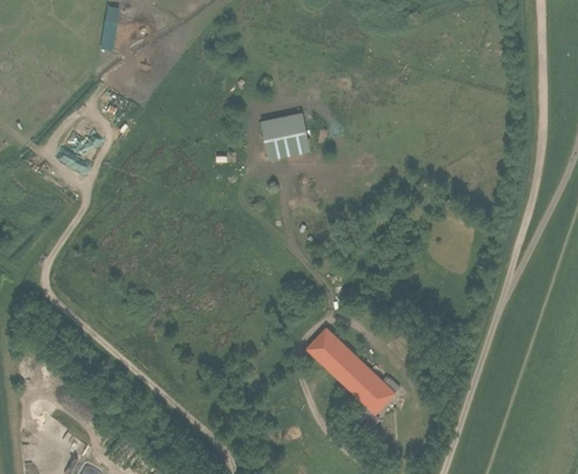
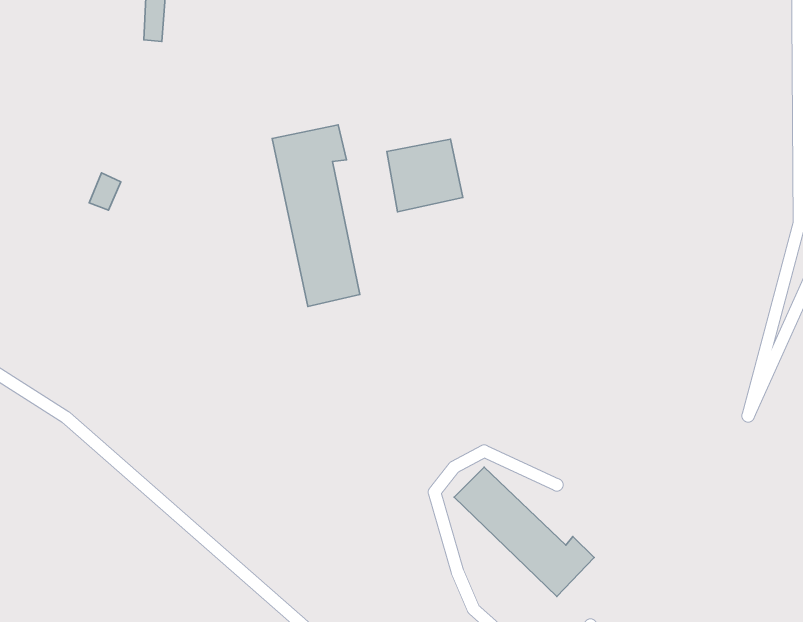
building: none -> [272,125,360,306]

